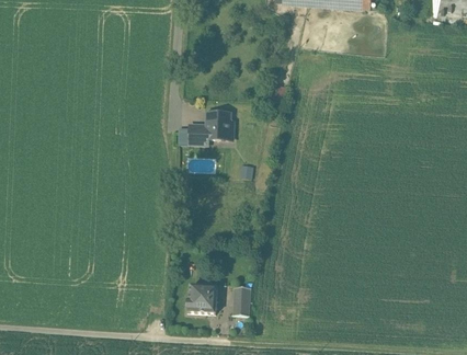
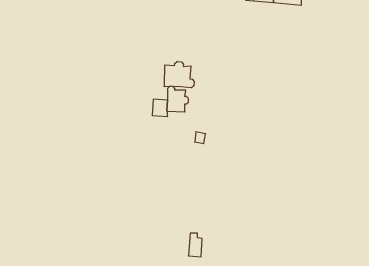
building: none -> [164,61,194,88]
building: [186,283,216,310] -> none

